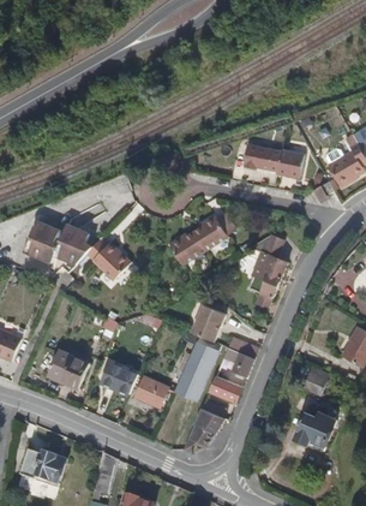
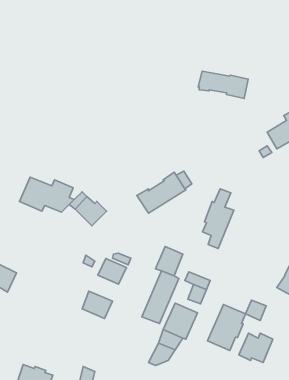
building: [242,144,304,178] -> [198,71,248,99]
building: [47,350,89,388] -> none
building: [134,376,169,407] -> [98,259,126,284]
building: none -> [207,304,246,351]

